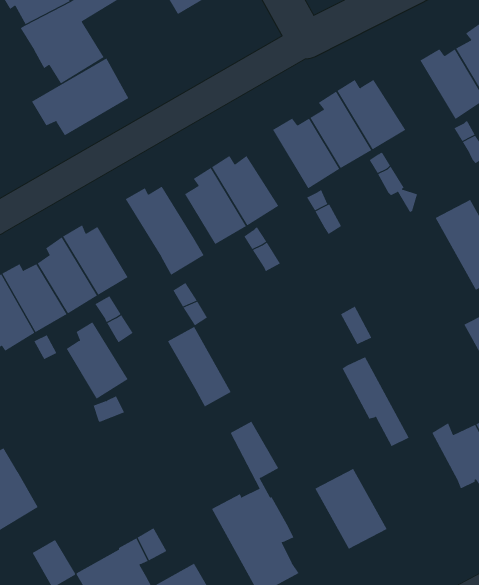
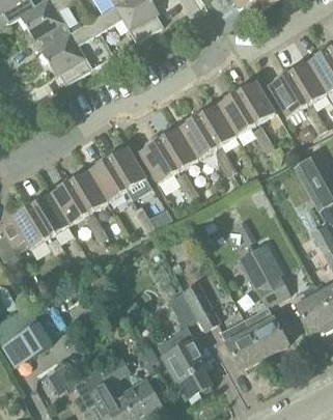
building: [31,57,129,136] -> none
building: none -> [270,69,307,117]
building: none -> [179,112,217,159]
building: [66,322,128,399] -> [88,155,127,202]
building: [167,326,232,407] -> [183,281,222,331]
building: none -> [252,243,292,301]
building: none -> [245,306,288,357]

